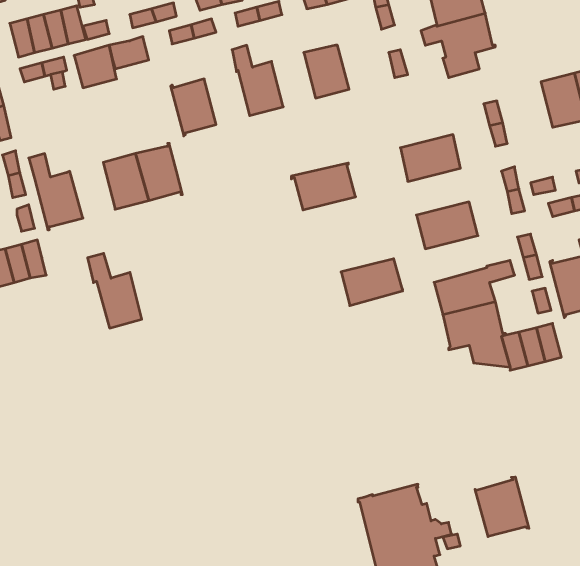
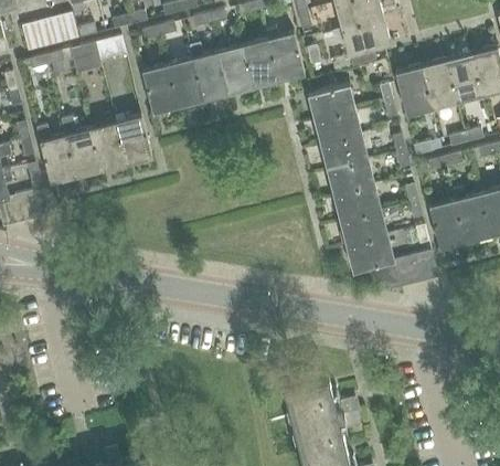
building: none -> [265,28,304,75]
building: none -> [219,47,252,88]
building: none -> [168,61,202,102]
building: none -> [395,70,430,114]
building: [291,163,356,210] -> [307,84,355,119]
building: none -> [321,135,368,170]
building: [88,253,142,328] -> [60,116,100,172]
building: [341,259,403,306] -> [334,186,381,221]
building: [475,477,529,537] -> none

